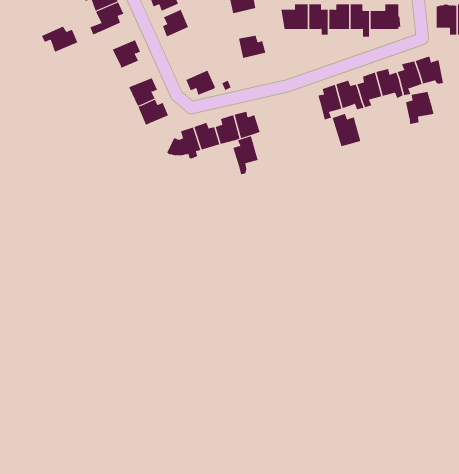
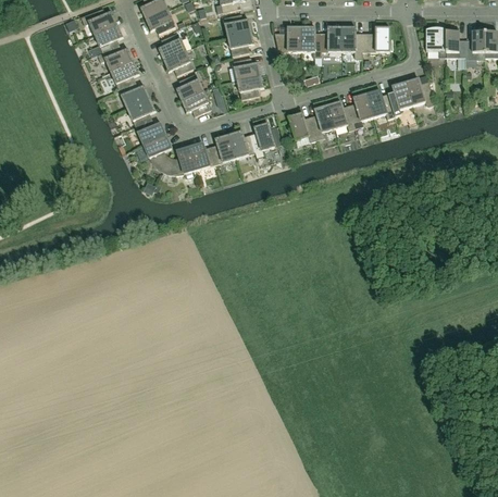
building: none -> [227,30,253,54]
building: [41,26,78,53] -> [97,45,133,71]
building: none -> [163,49,192,75]
building: none -> [176,73,203,100]
building: none -> [237,74,262,98]
building: none -> [119,82,149,108]
building: [405,91,434,125] -> none
building: [332,113,361,147] -> [288,112,316,145]
building: none -> [142,135,171,171]
building: [233,136,258,175] -> [249,122,274,160]

